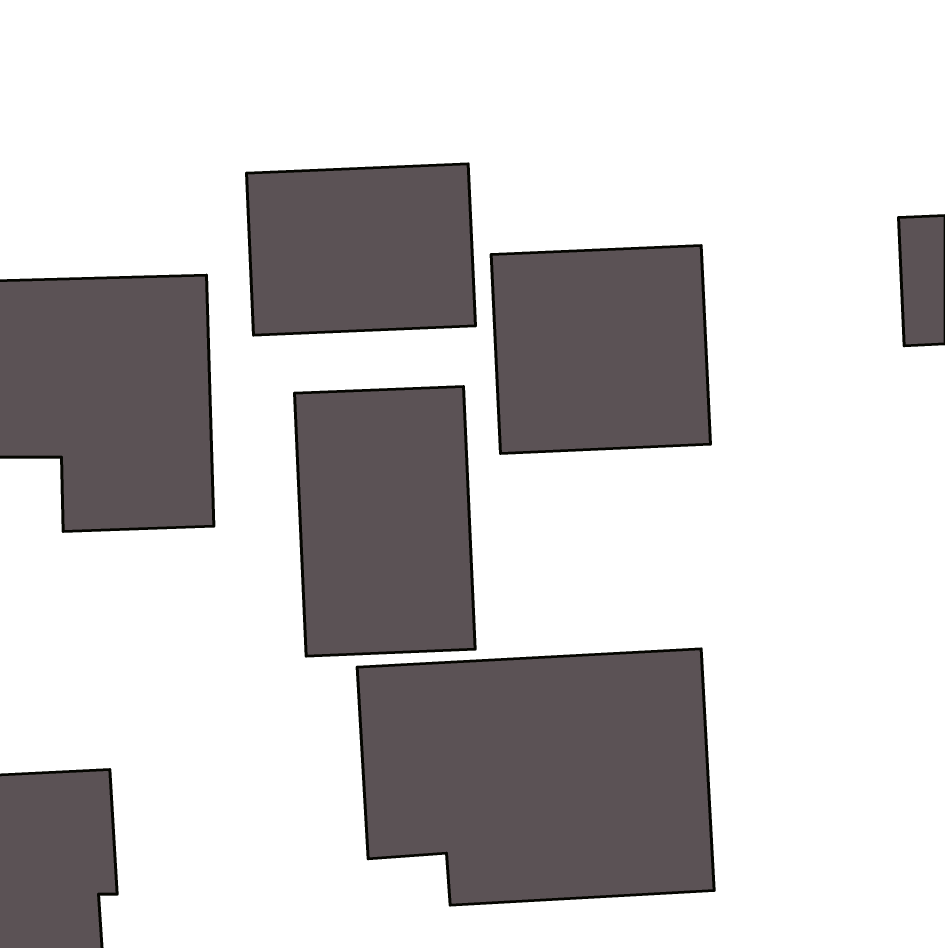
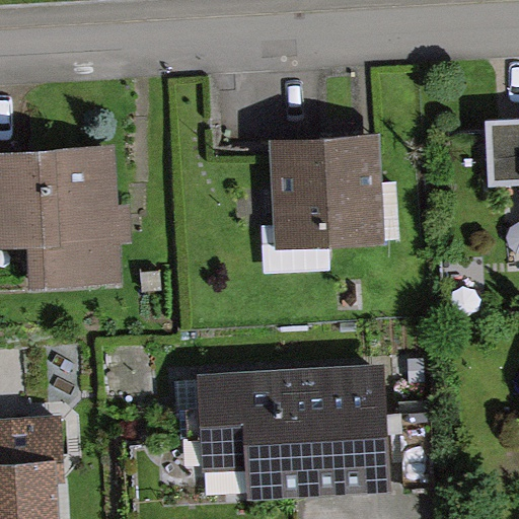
building: [246,164,475,335] -> none
building: [294,386,475,656] -> none

